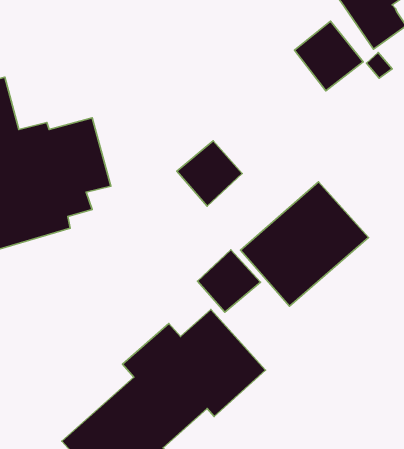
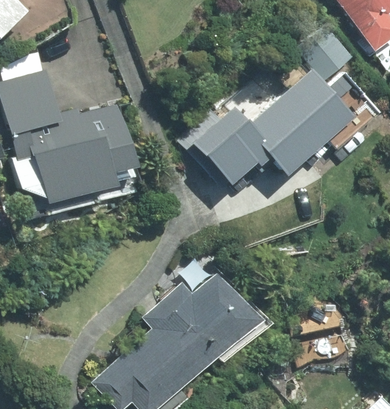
building: [241,182,368,306] -> [239,68,349,175]
building: [198,250,260,312] -> none

